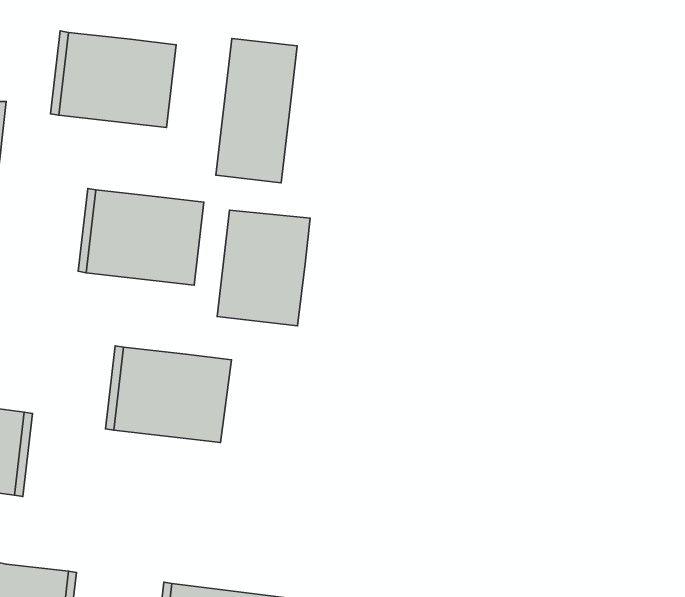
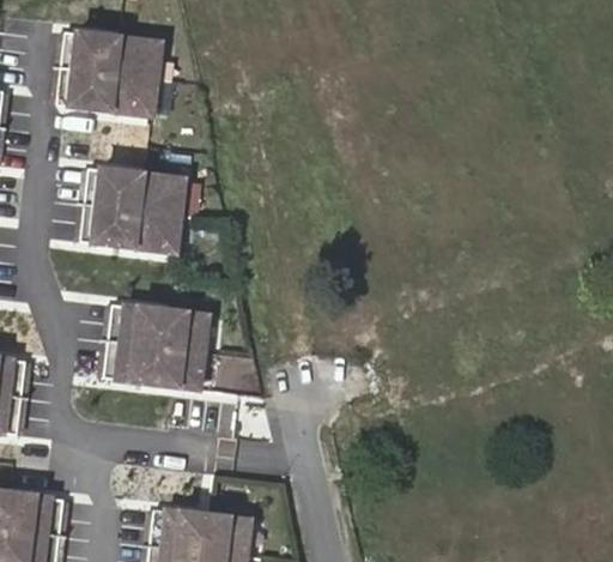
building: [216,38,297,183] -> none
building: [217,210,310,326] -> none

